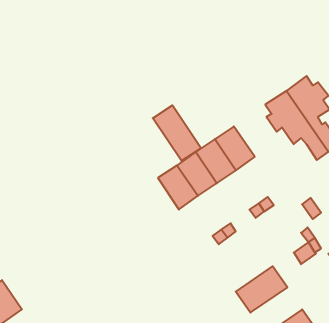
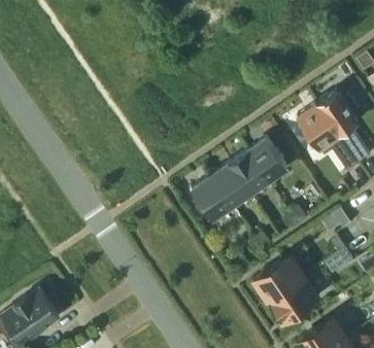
building: [153,105,201,161] -> none
building: none -> [253,255,304,301]

